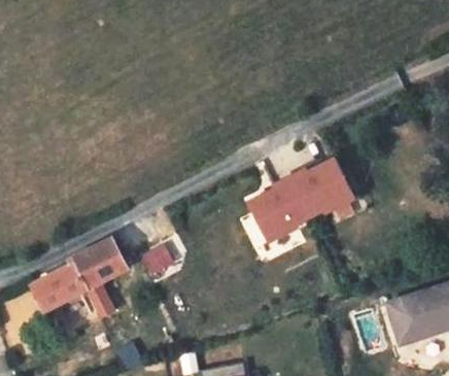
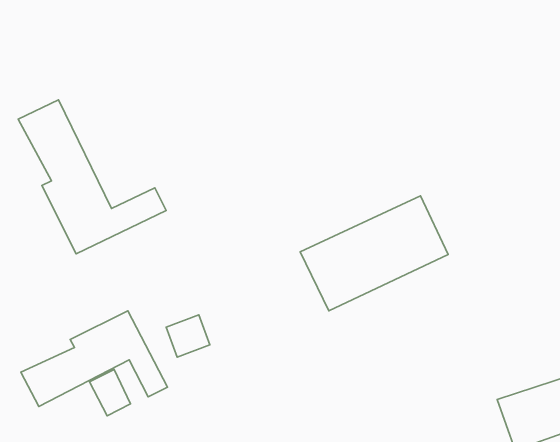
building: none -> [18,100,166,254]

